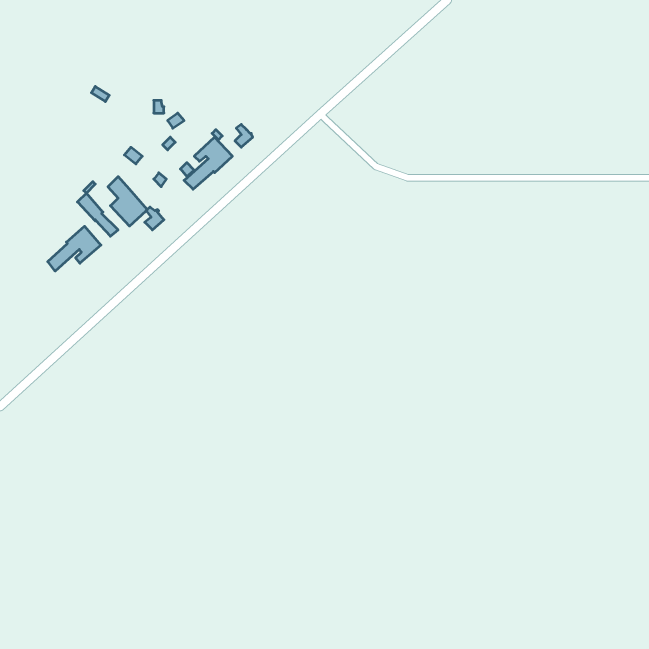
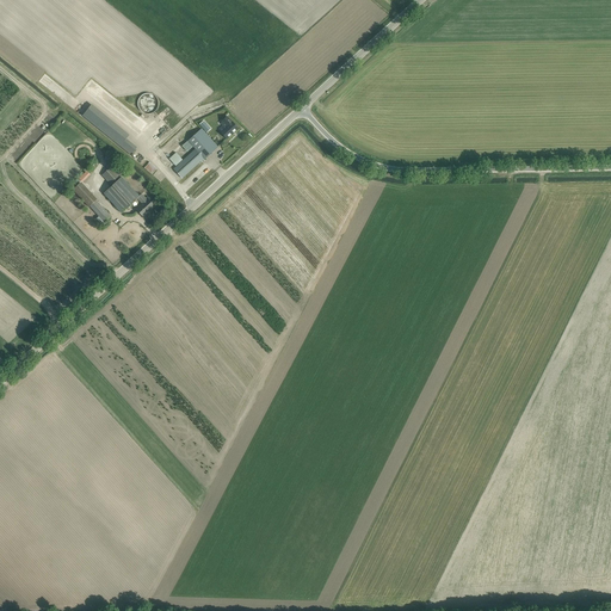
building: [48,226,101,271] -> none

